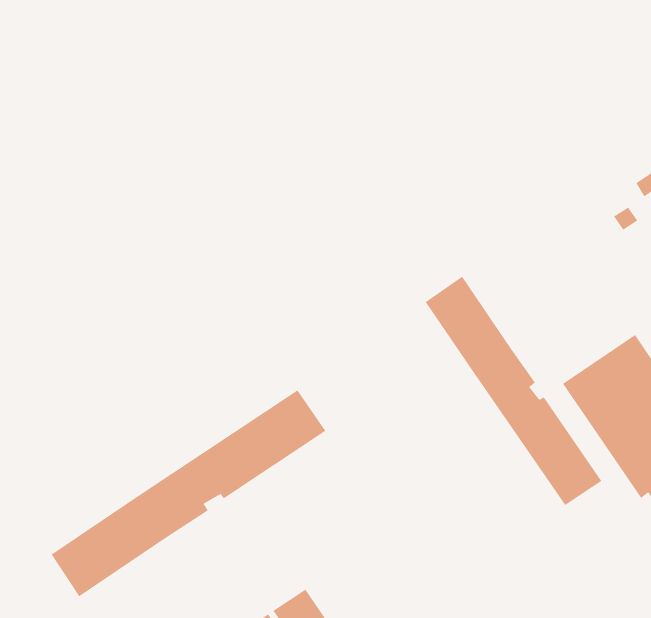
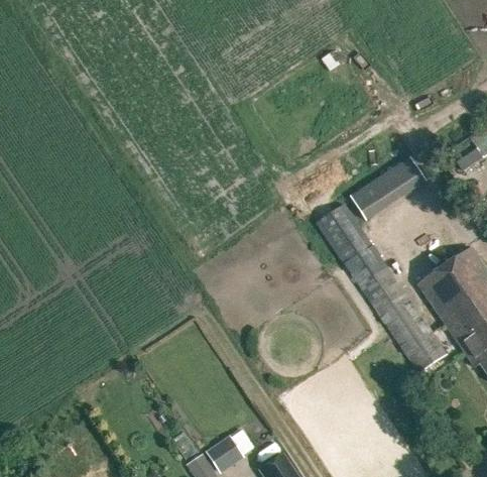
building: none -> [343,160,420,217]
building: [51,389,326,597] -> none

